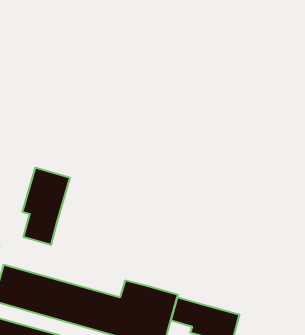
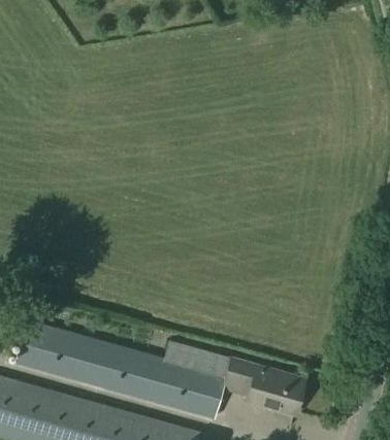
building: [23,168,70,245] -> none

